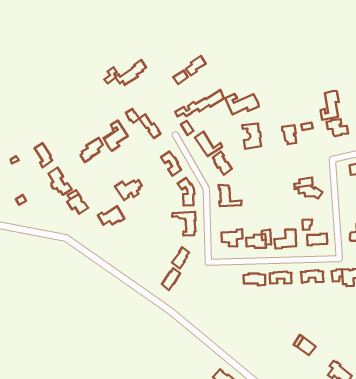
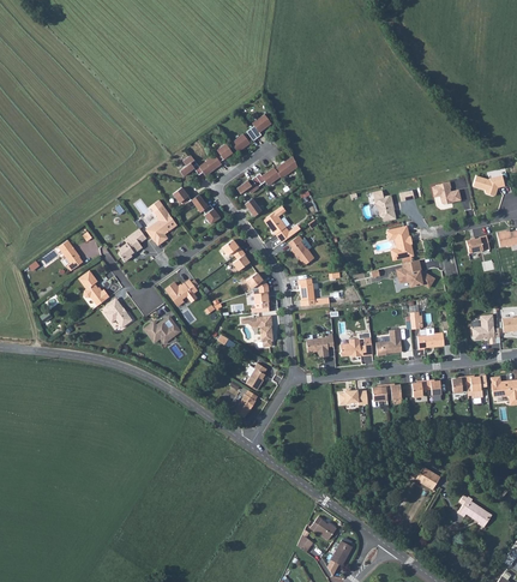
building: [104,60,146,85] -> [179,143,232,176]
building: [320,91,339,120] -> none
building: [225,94,259,114] -> none
building: [242,124,261,149] -> [386,227,413,260]

